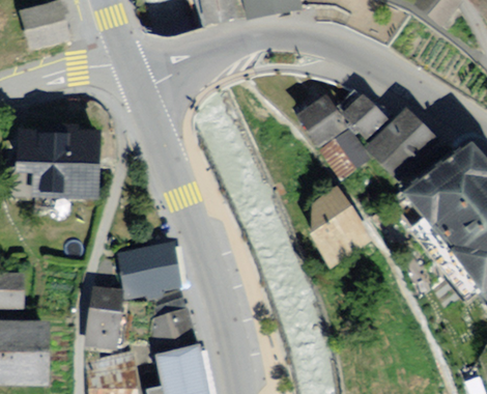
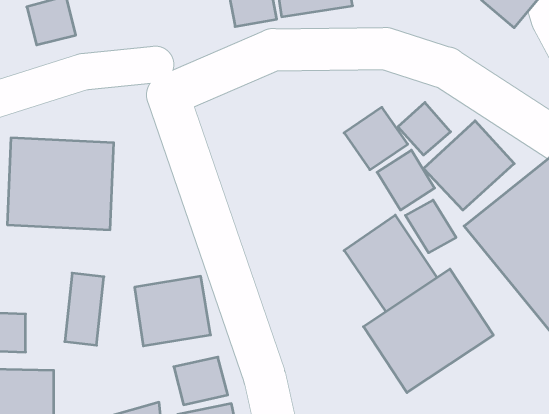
building: none -> [405,200,456,253]
building: none -> [363,269,493,393]
building: [88,285,121,346] -> [65,273,104,345]

